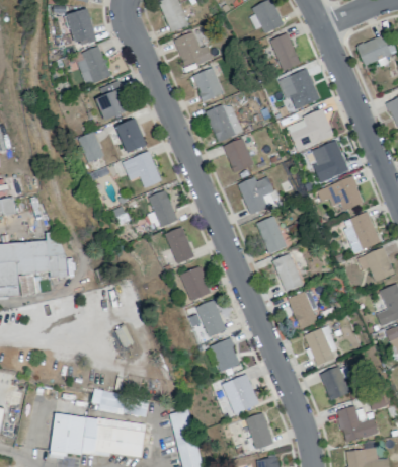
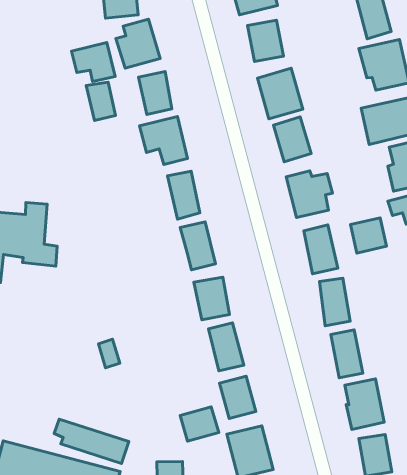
building: none -> [72,43,115,82]
building: none -> [350,218,386,253]
building: none -> [180,407,219,441]

